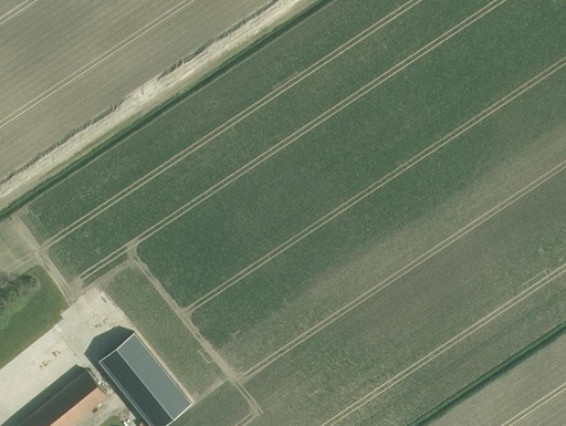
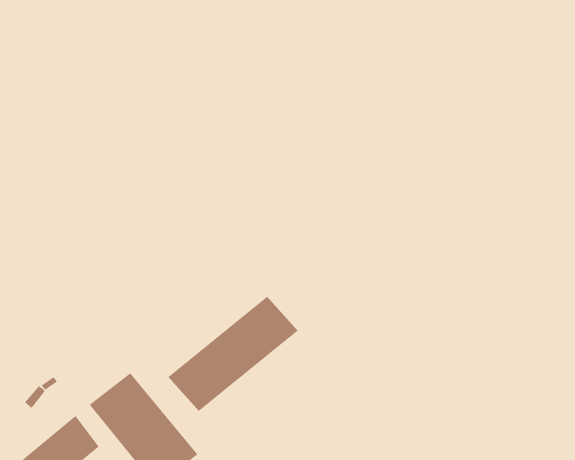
building: none -> [167,296,299,412]

